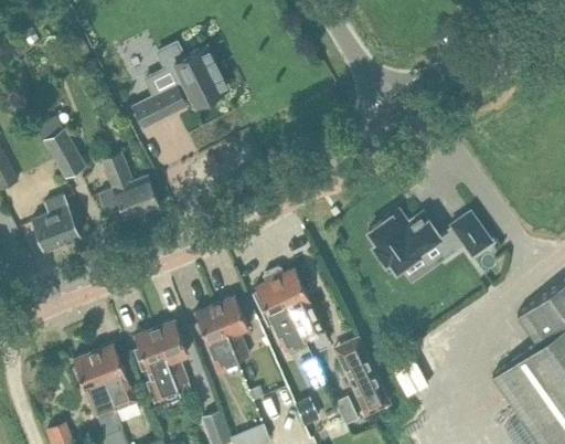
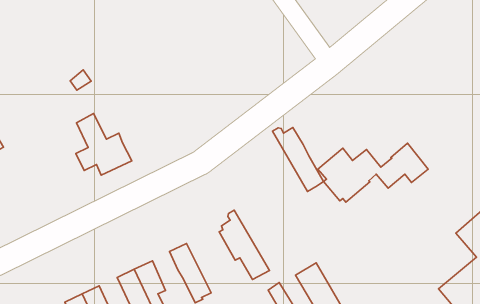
building: [134,44,227,128] -> none
building: [43,128,85,178] -> none
building: [31,194,79,253] -> none
building: [270,268,323,342] -> [272,128,324,192]
building: [214,297,249,362] -> none

